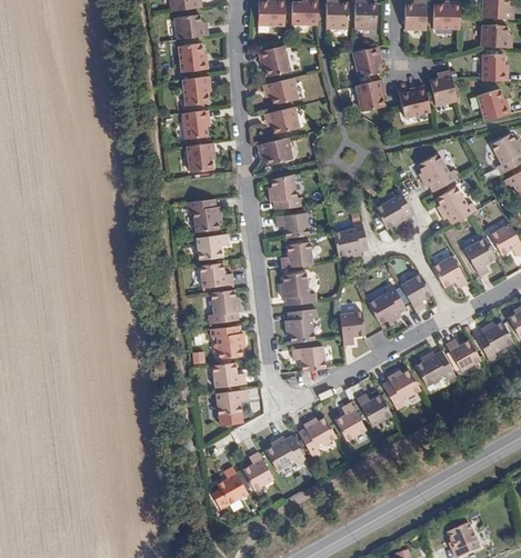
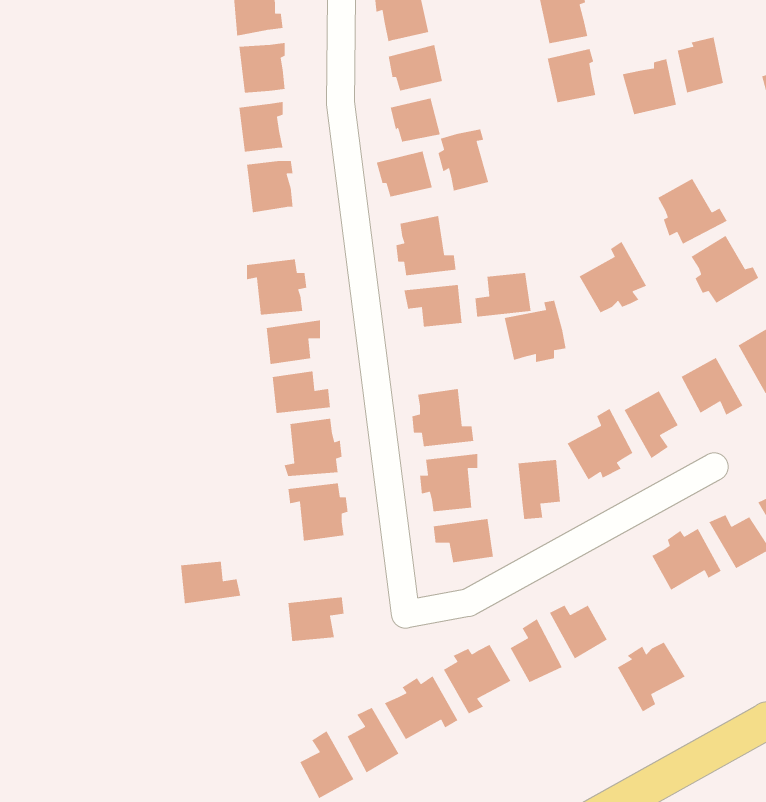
building: none -> [437,128,489,192]
building: [281,242,313,268] -> [475,272,532,317]
building: [207,363,241,388] -> [180,561,241,604]
building: [382,370,421,410] -> [617,642,686,712]

